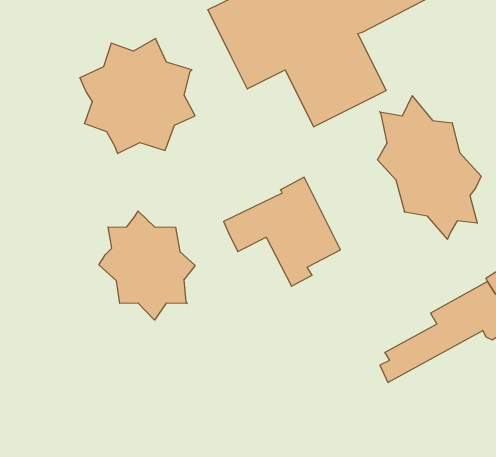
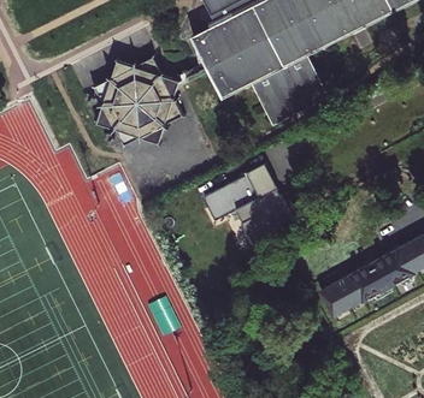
building: [377,96,481,239] -> none
building: [99,211,195,320] -> none

